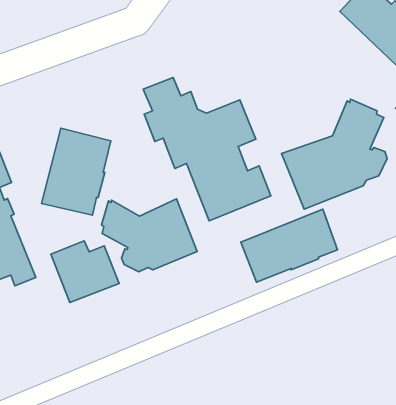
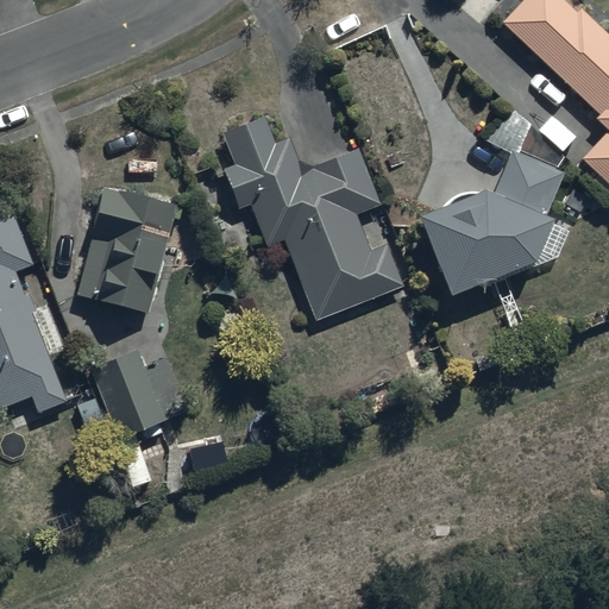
building: [102,199,197,272] -> none
building: [241,209,338,282] -> none

